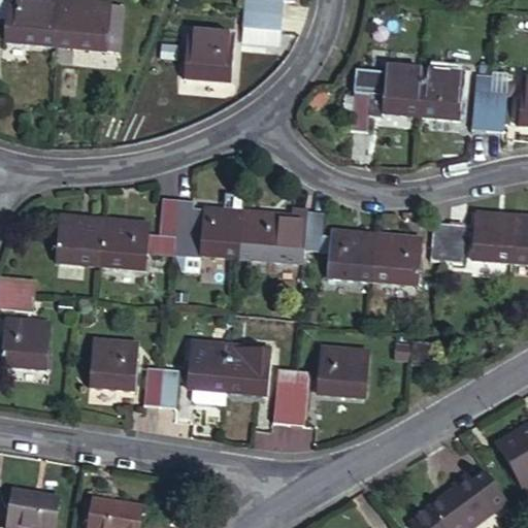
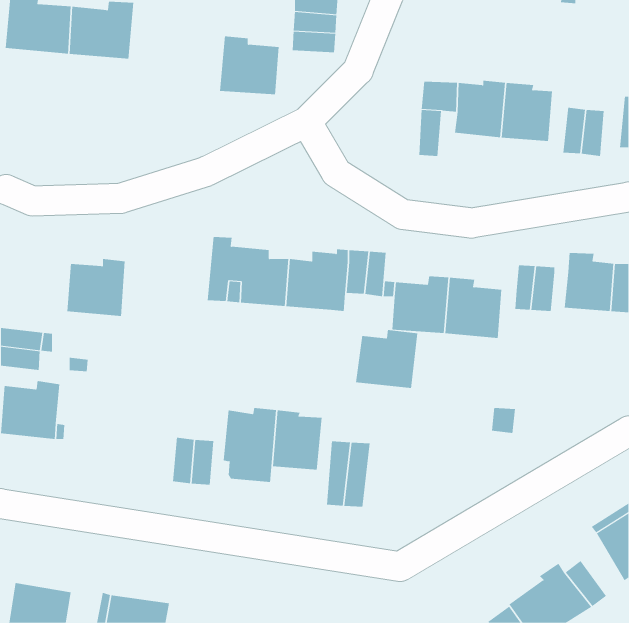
building: [102,196,178,268] -> none
building: [89,338,139,389] -> none
building: [317,346,369,396] -> [355,329,418,389]

